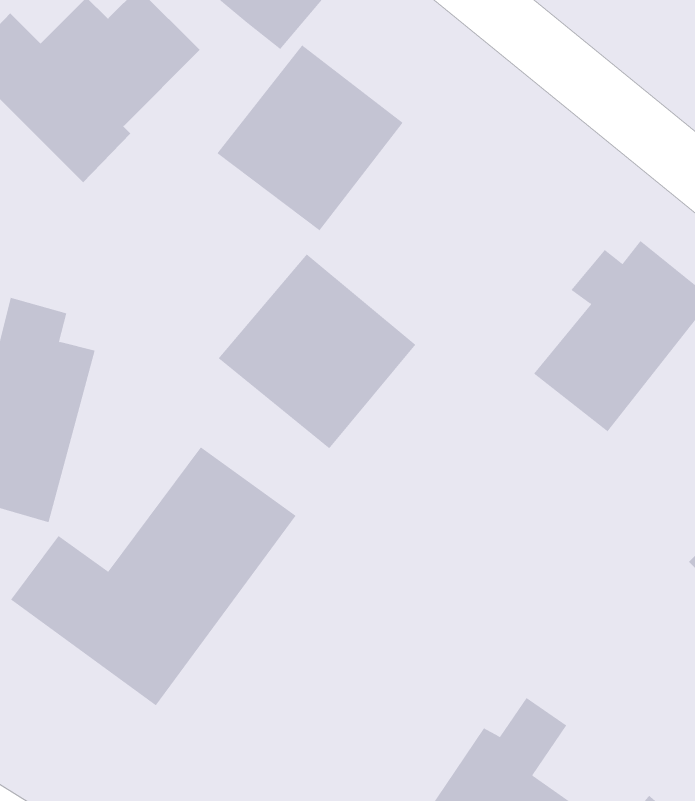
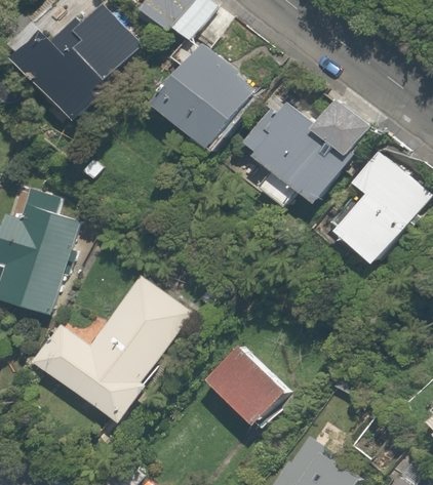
building: none -> [238,78,396,210]
building: [218,254,416,449] -> none
building: none -> [203,339,292,429]

